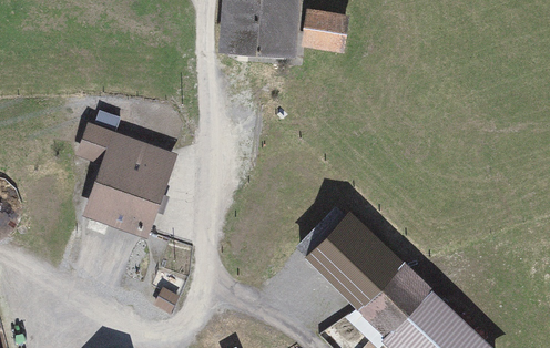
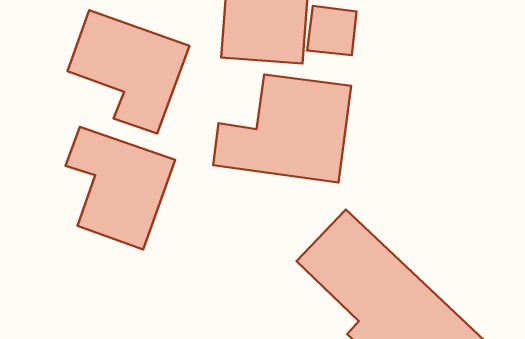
building: none -> [67,10,190,134]
building: none -> [213,75,351,182]

